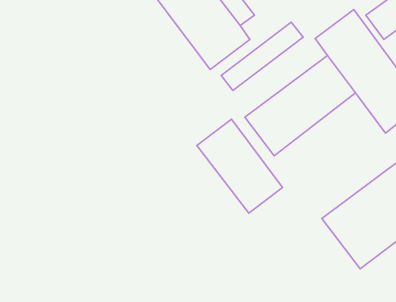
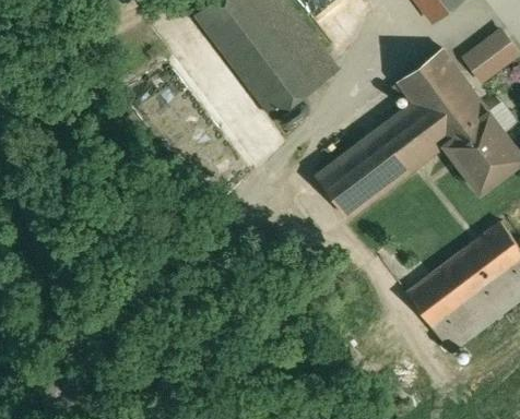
building: [221,22,303,91] -> none
building: [197,119,283,213] -> none

